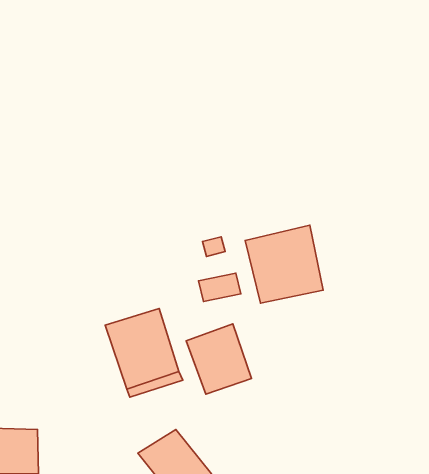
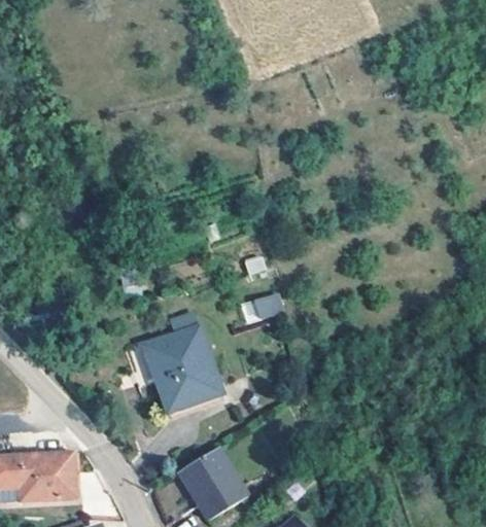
building: [245,225,323,303] -> none
building: [186,324,252,394] -> none

